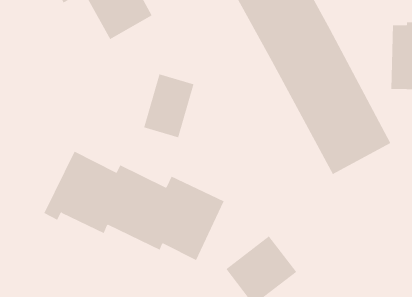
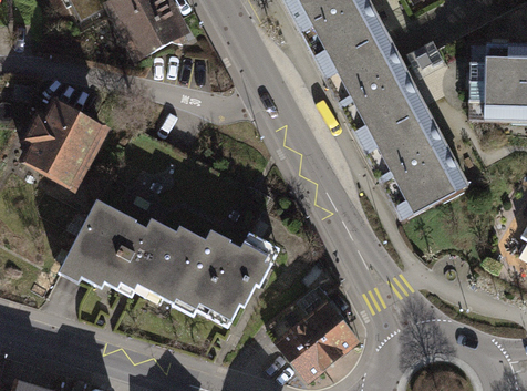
building: none -> [19,95,106,188]
building: [143,74,194,138] -> none

